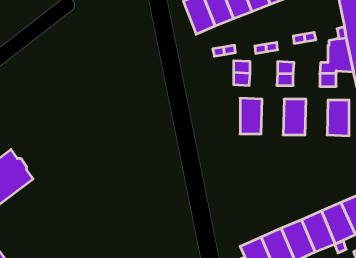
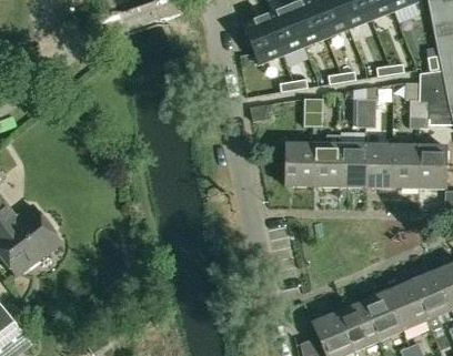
building: none -> [284,143,312,186]
building: none -> [338,144,365,187]
building: none -> [391,144,419,187]

